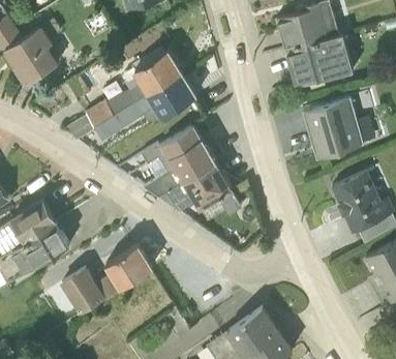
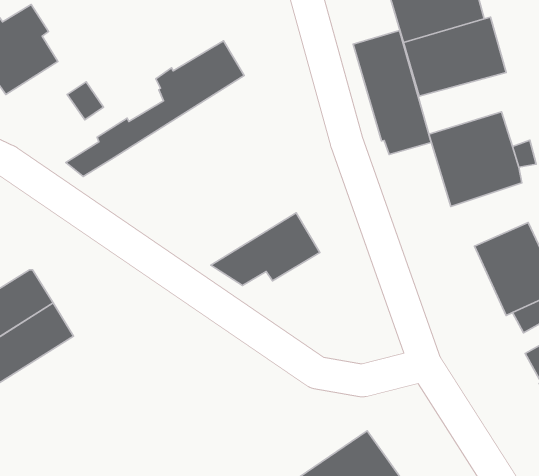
building: none -> [353,31,431,155]
building: [94,74,195,142] -> none
building: [142,127,215,199] -> none
building: [61,245,152,312] -> none

